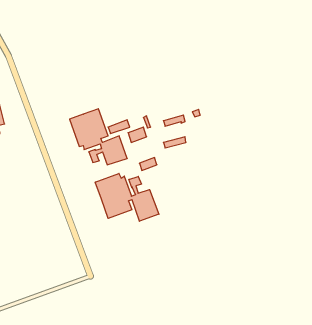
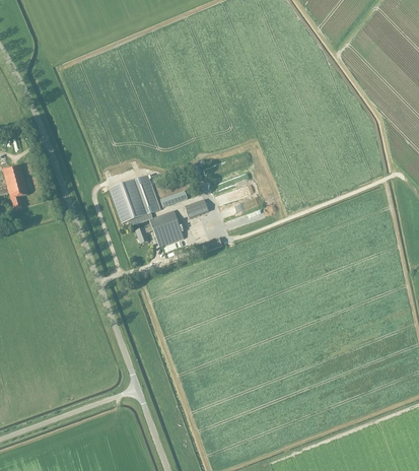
building: [95,173,159,221] -> none

